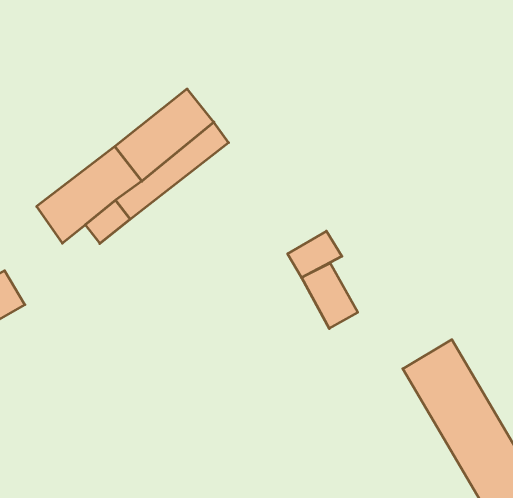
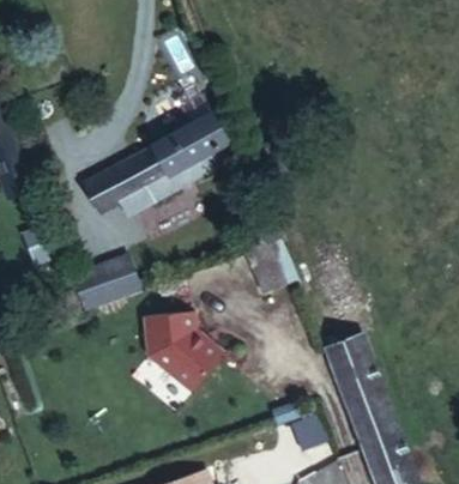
building: none -> [68,259,137,313]
building: none -> [149,313,228,393]

